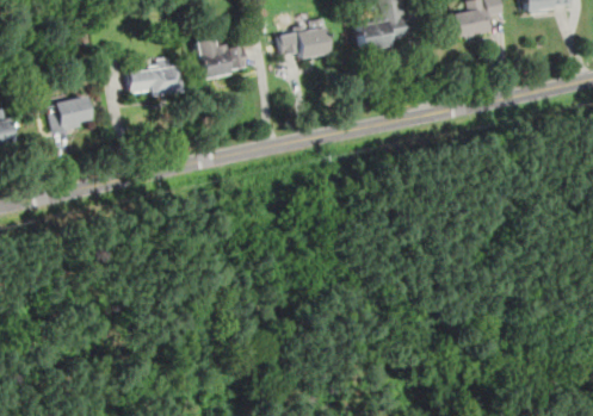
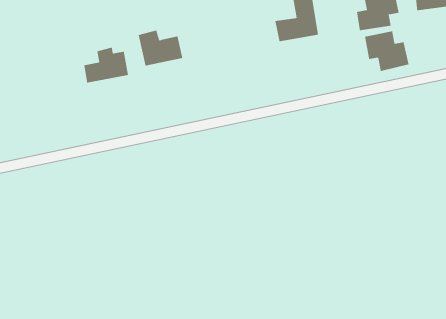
building: [279,25,329,61] -> none
building: none -> [364,31,409,72]
building: [47,95,94,134] -> none

